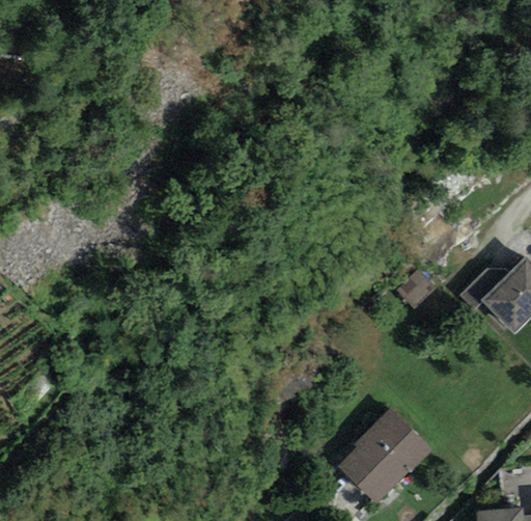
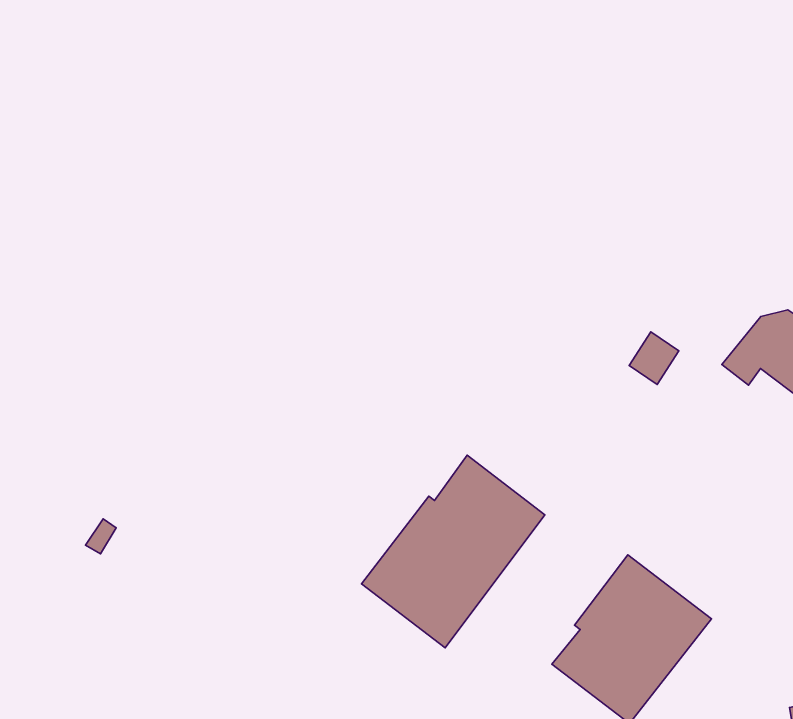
building: none -> [362,455,545,648]

